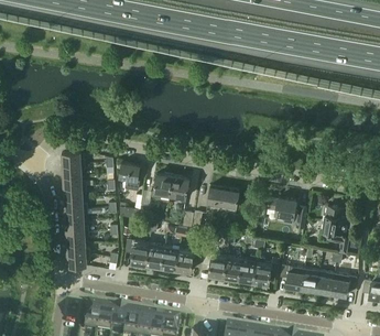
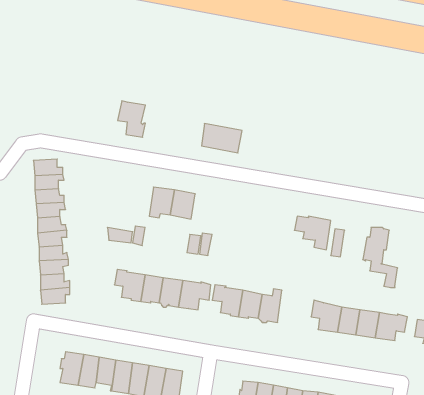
building: [118,159,140,187] -> [118,101,145,137]
building: [207,182,239,205] -> [202,124,242,153]
building: [253,252,279,280] -> none

